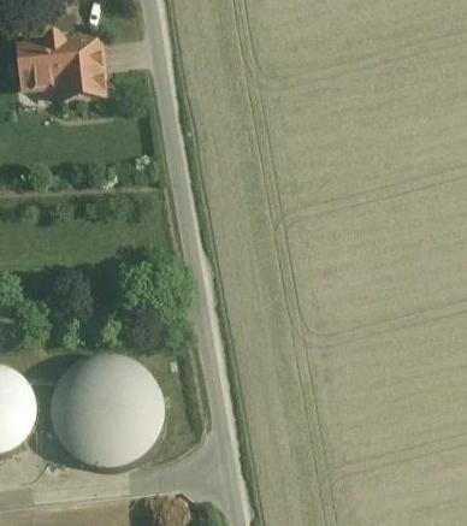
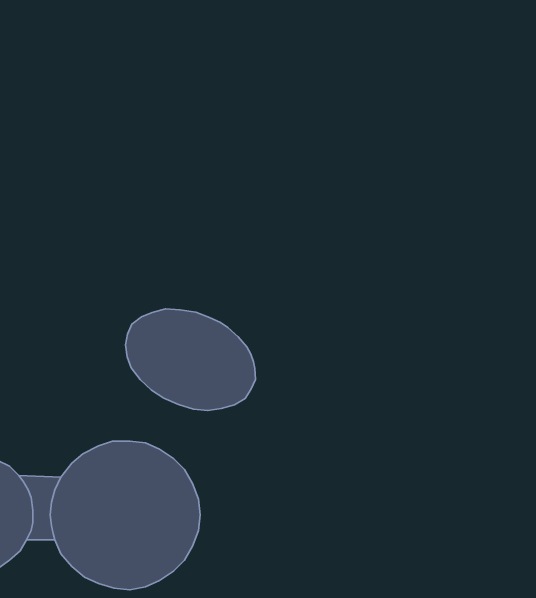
building: [18,35,104,97] -> none
building: none -> [125,309,255,410]

